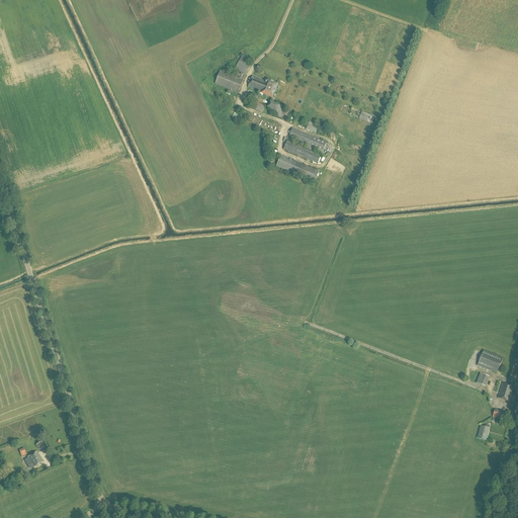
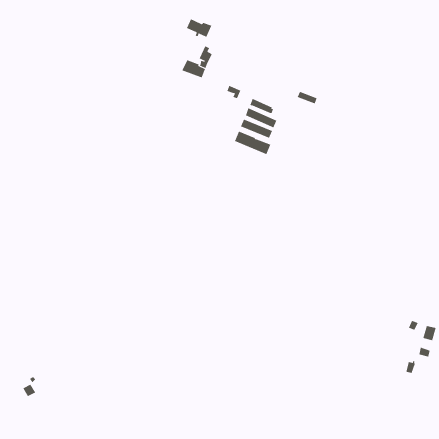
building: [247,75,277,97] -> [186,19,212,38]
building: [476,349,502,373] -> none

